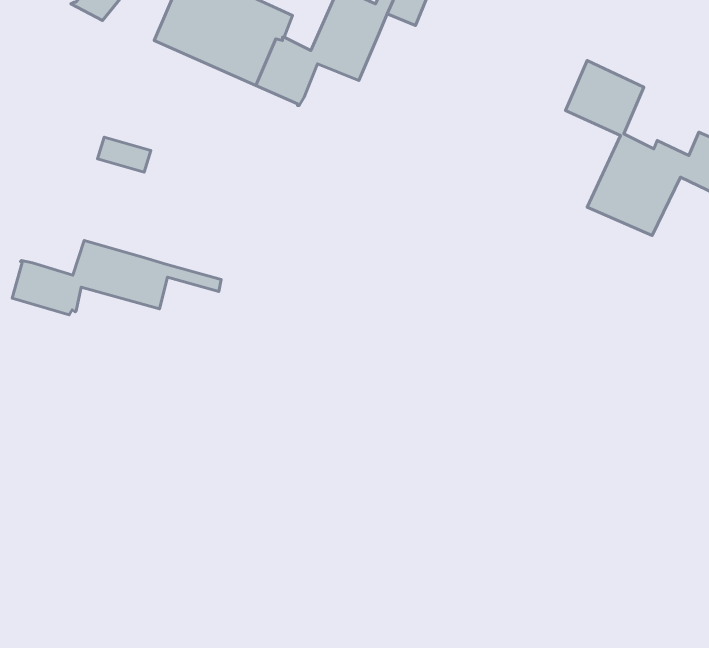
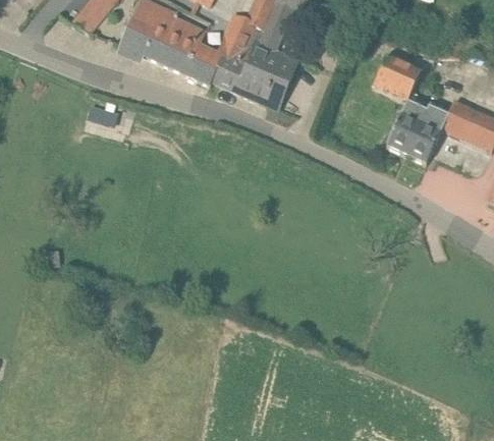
building: none -> [212,42,298,108]
building: [12,240,221,315] -> none

